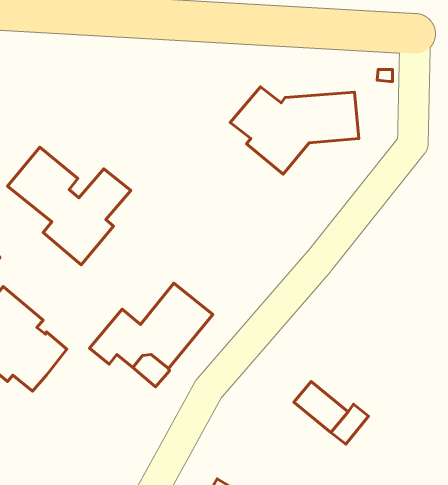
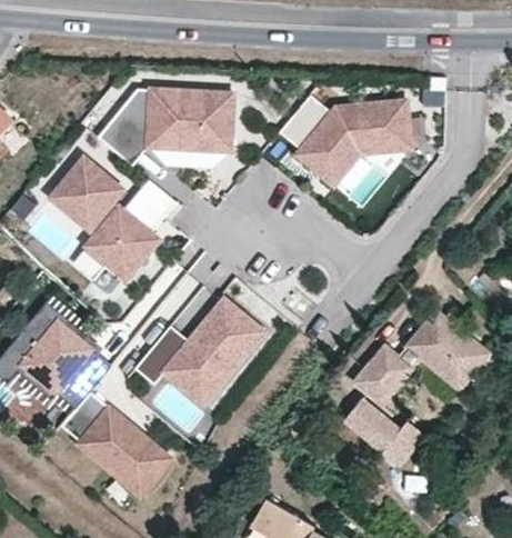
building: none -> [99,89,232,167]
building: none -> [355,309,489,403]
building: none -> [62,392,172,496]

